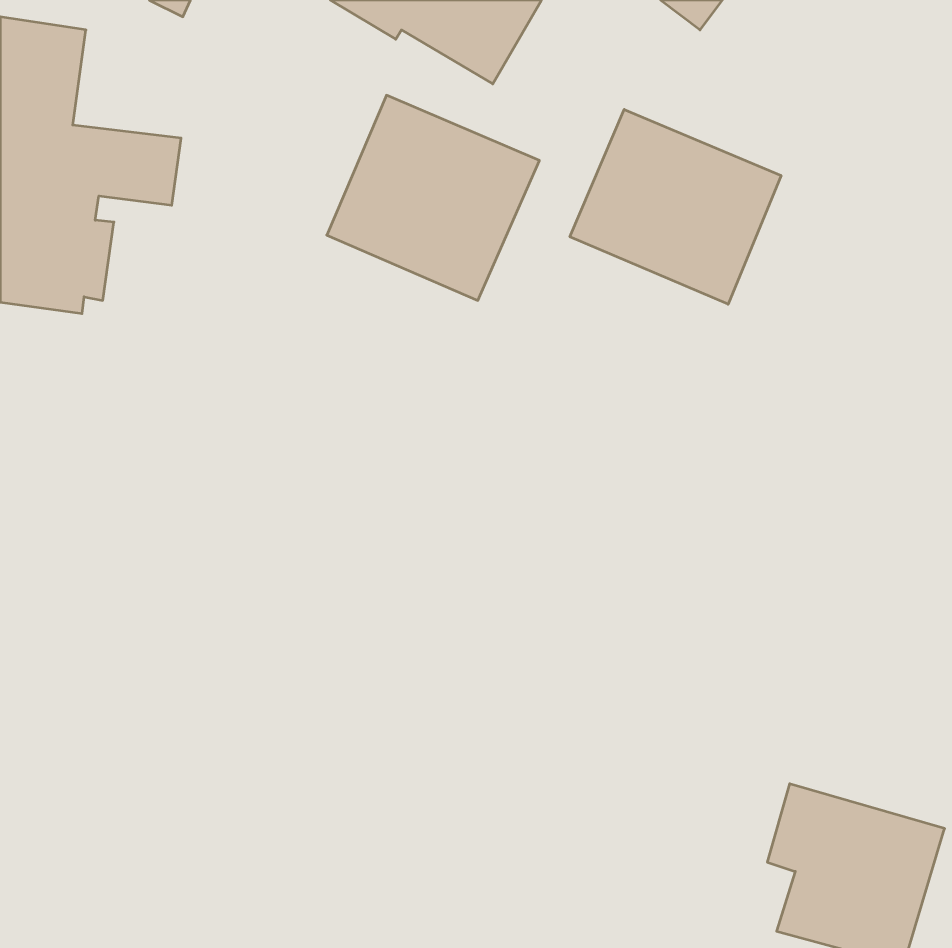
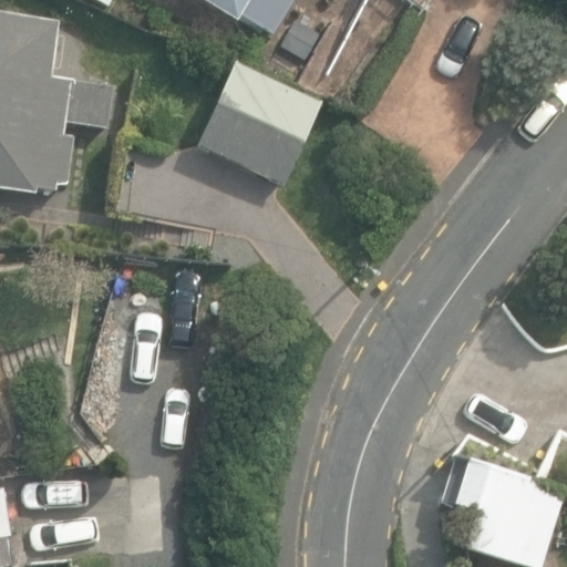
building: [570,109,781,304] -> none

